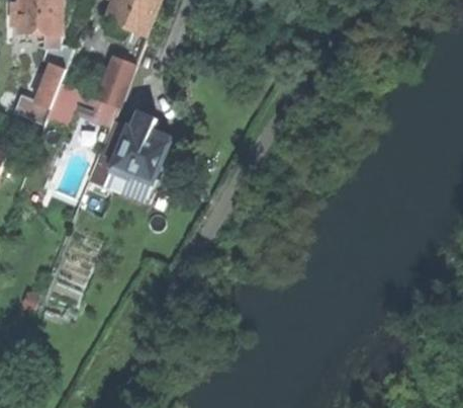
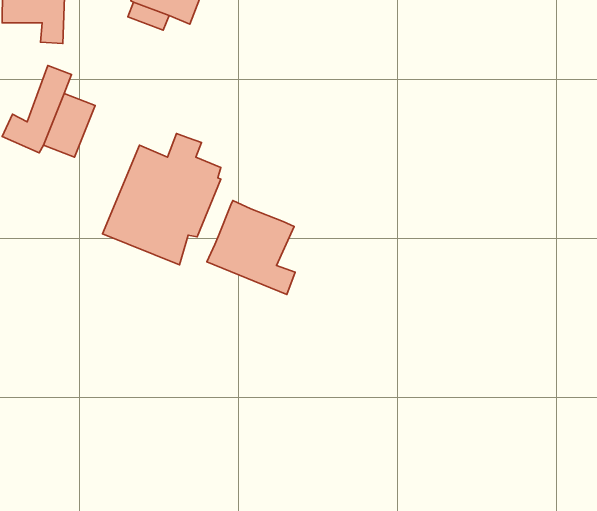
building: [97,56,132,107] -> none
building: none -> [207,201,295,294]

